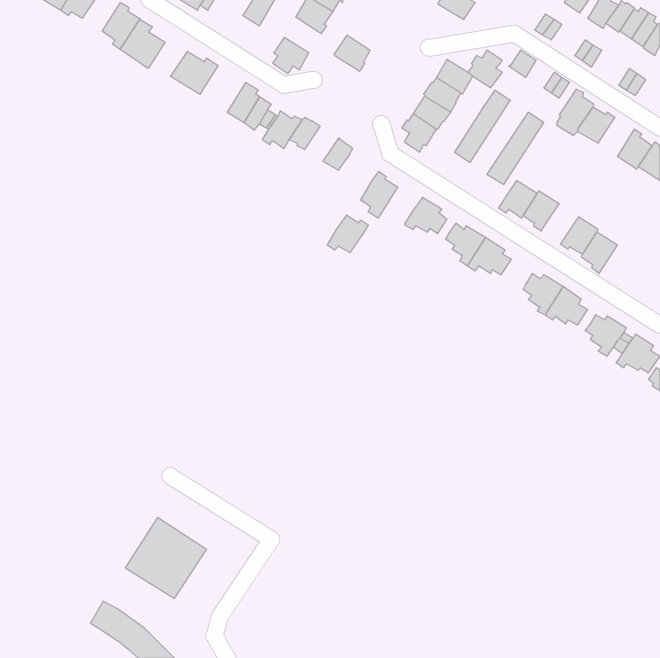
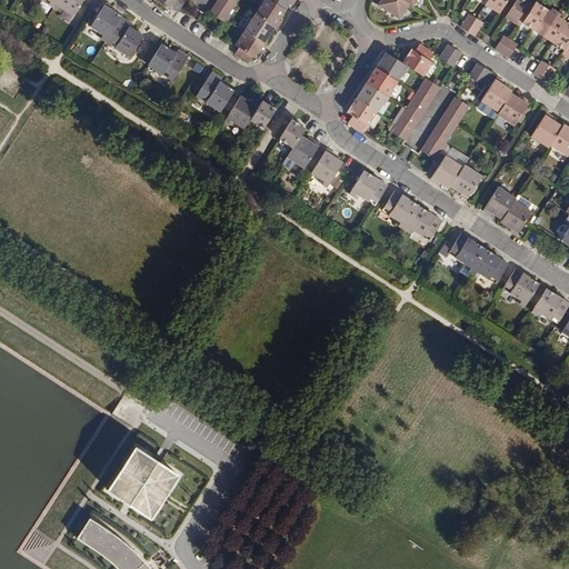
building: [334,35,370,71] -> [243,14,274,46]
building: [327,215,368,253] -> [283,134,319,167]

